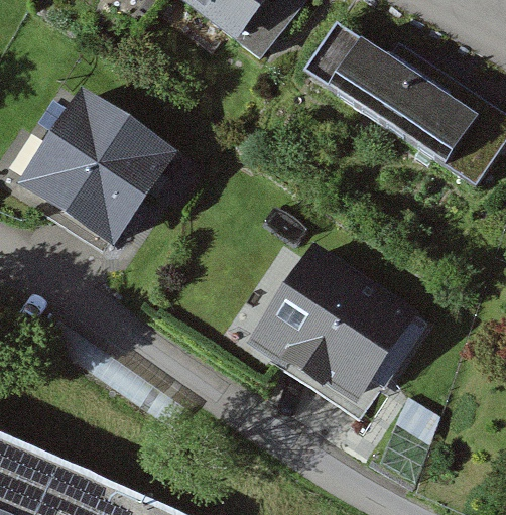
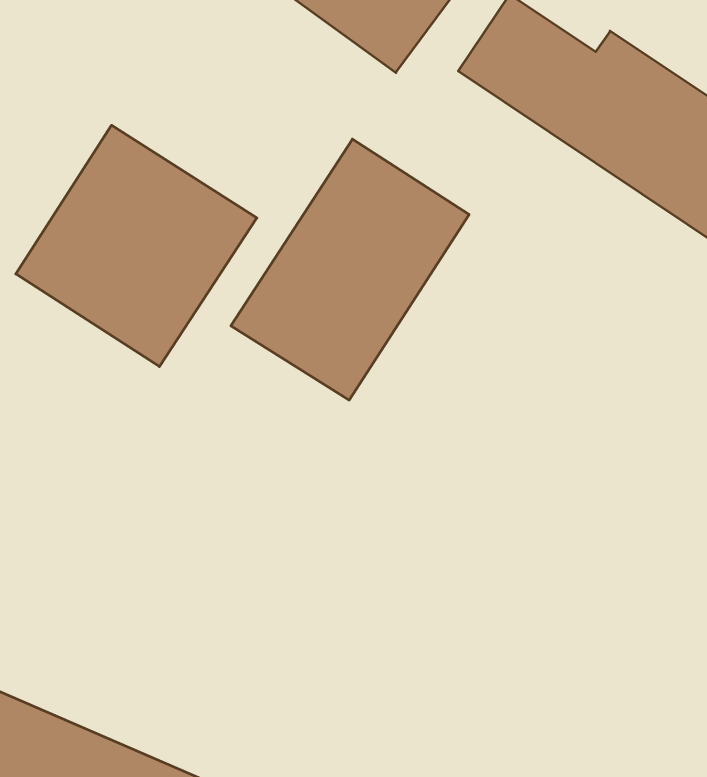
building: none -> [231,139,469,400]
building: [245,240,414,398] -> none

